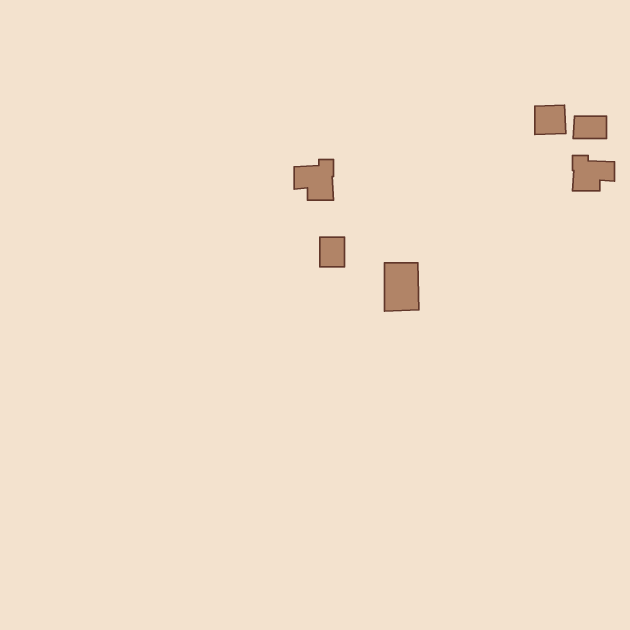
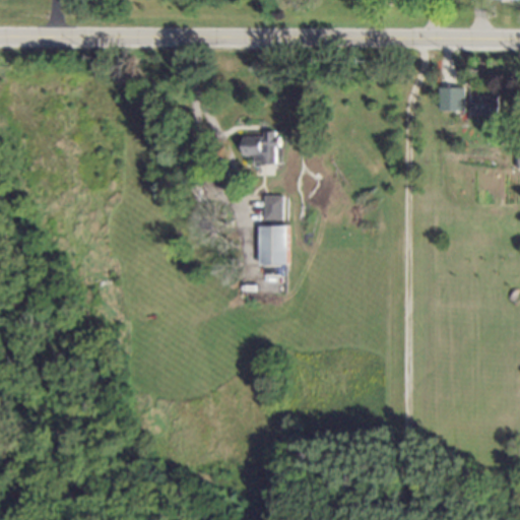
building: [572,155,614,191] -> none
building: [384,263,419,311] -> [259,225,287,265]

